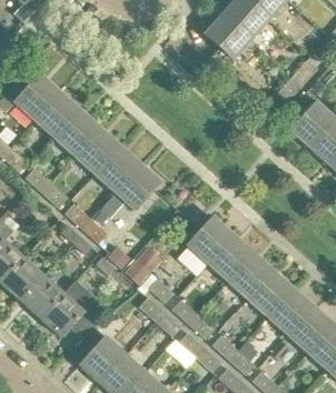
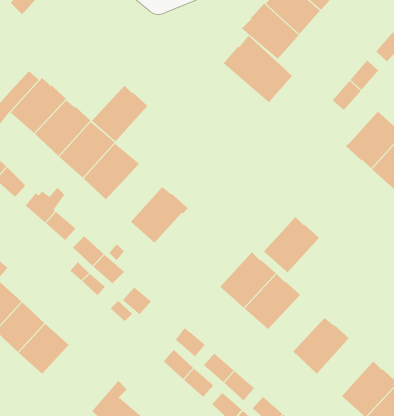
building: none -> [223,35,293,103]
building: [93,144,140,192] -> [91,84,148,142]
building: [126,246,162,284] -> none
building: [227,252,274,299] -> [263,216,320,273]
building: [41,280,103,335] -> none
building: [267,288,314,335] -> none

